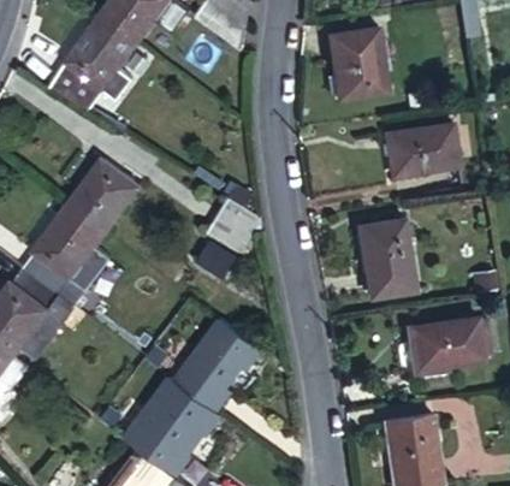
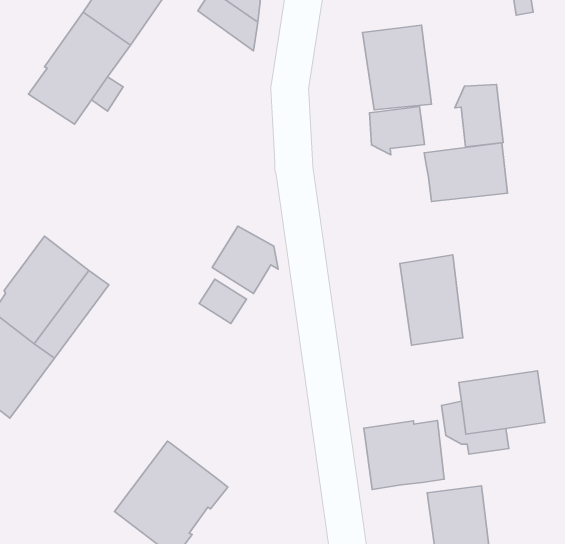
building: none -> [455,85,503,147]
building: none -> [369,106,424,155]
building: [66,158,137,232] -> none
building: [173,318,260,409] -> none
building: none -> [364,421,444,490]

